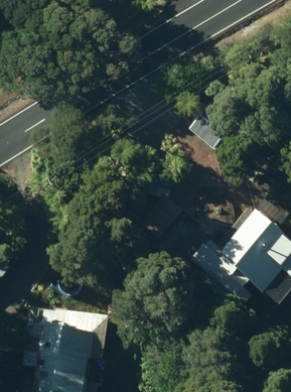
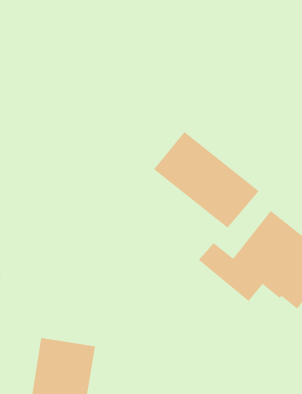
building: none -> [153,131,259,228]

